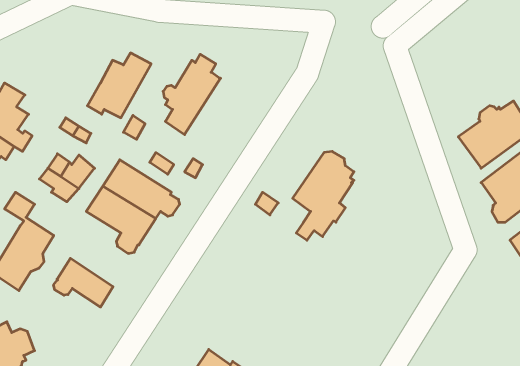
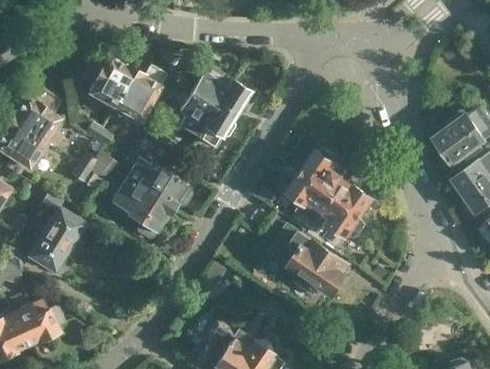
building: none -> [82,57,133,111]
building: none -> [195,80,254,147]
building: none -> [301,178,372,246]
building: none -> [268,217,347,298]
building: [54,258,113,307] -> none

